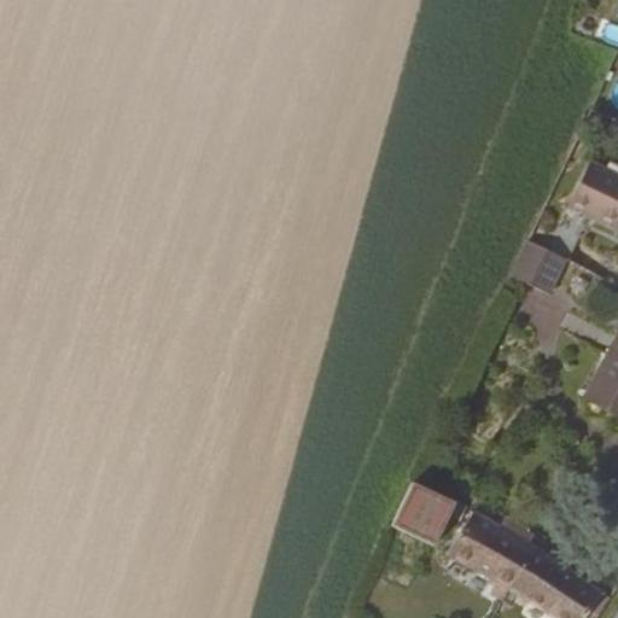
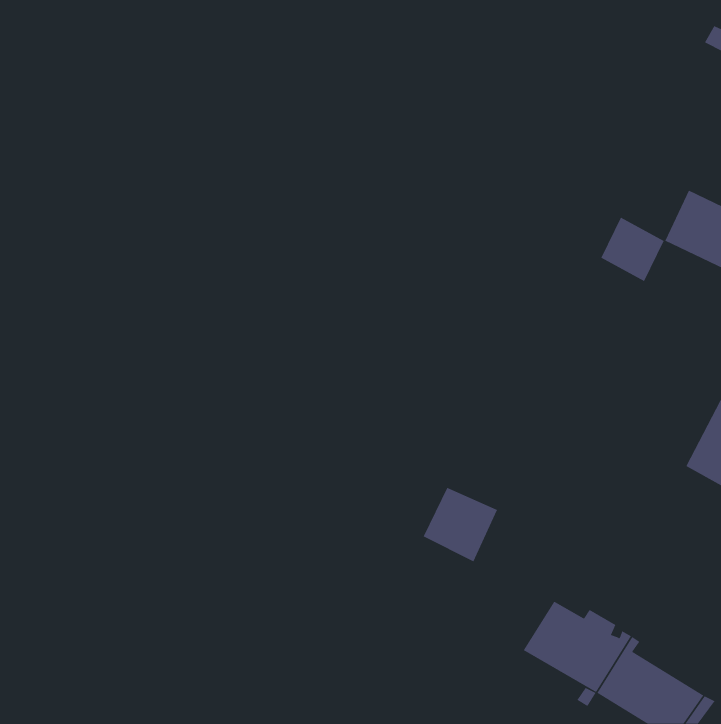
building: [512,239,566,295] -> [601,217,664,282]
building: [392,483,456,547] -> [423,487,498,562]

